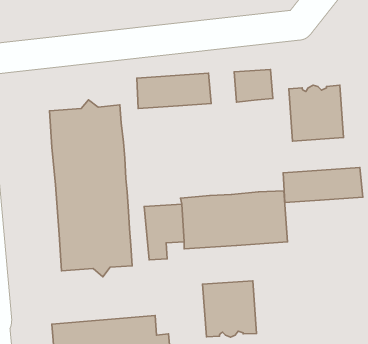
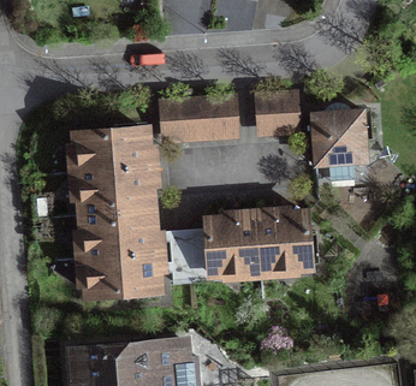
building: [283,168,363,203] -> none
building: [203,281,256,337] -> none

